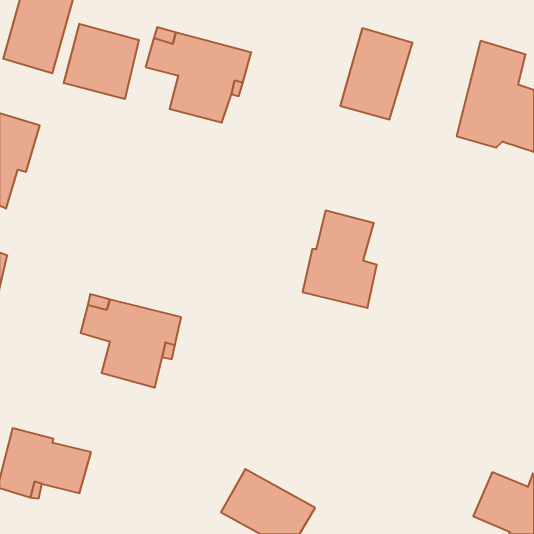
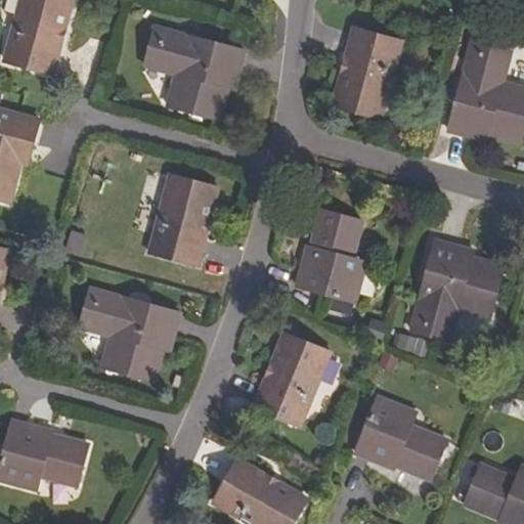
building: [64,24,139,99] -> none
building: none -> [147,177,214,266]
building: none -> [407,236,501,340]
building: none -> [255,334,332,427]
building: none -> [352,395,449,481]

